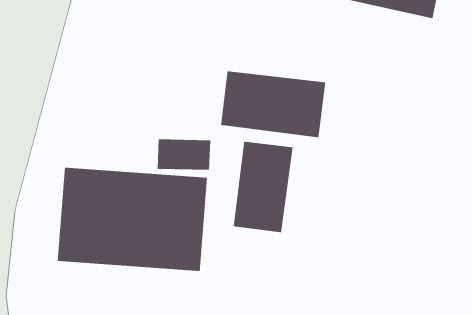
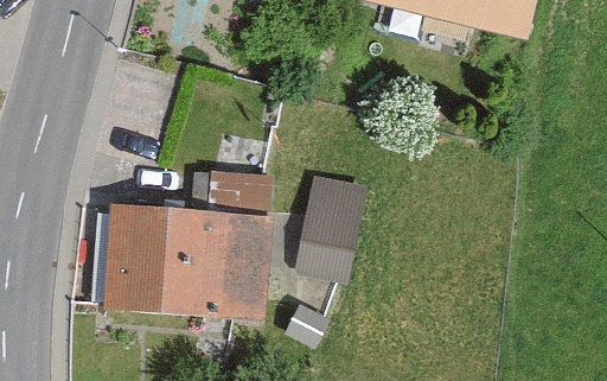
building: [220,71,326,138] -> none

